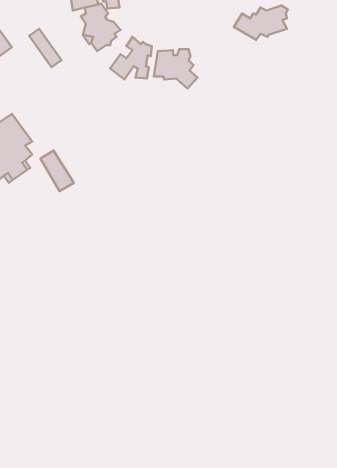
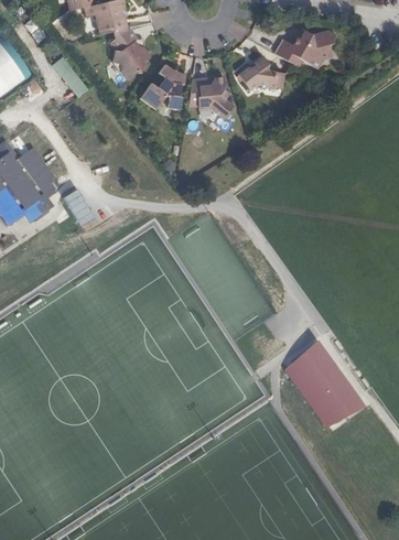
building: none -> [238,52,284,88]
building: none -> [288,344,360,422]

